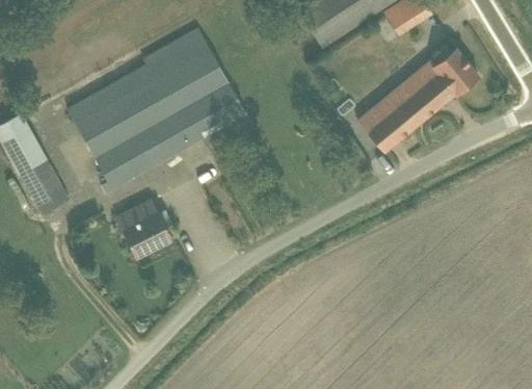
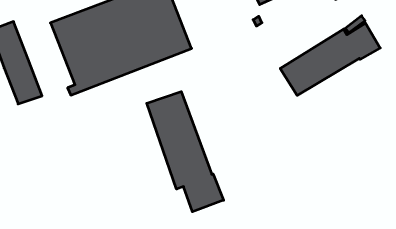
building: none -> [147,92,224,212]
building: [122,201,170,258] -> none

